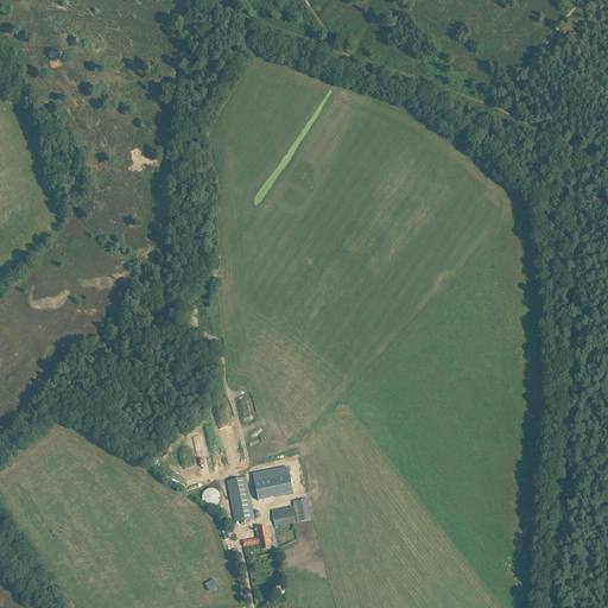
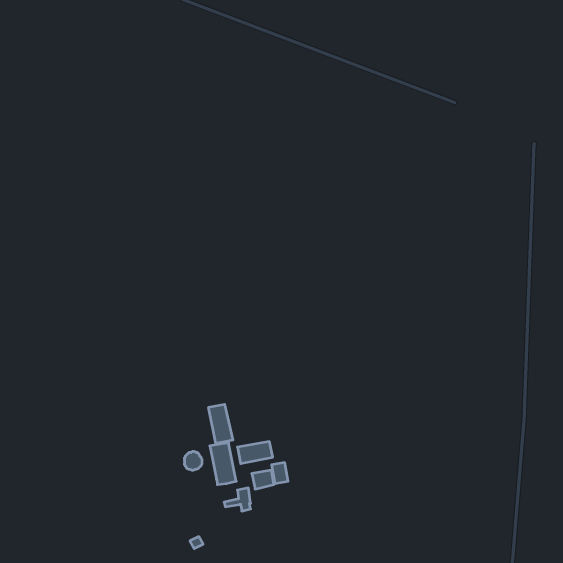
building: none -> [209,404,233,444]

